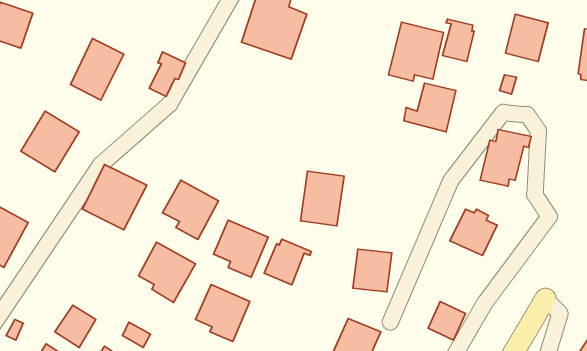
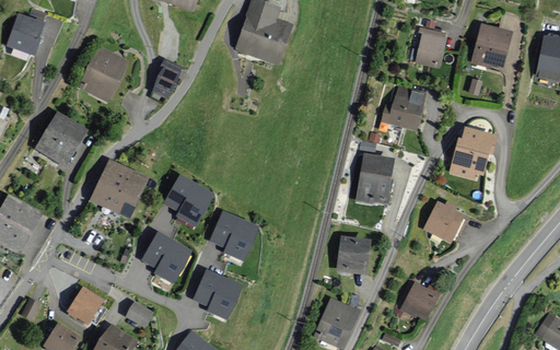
building: [388,22,444,81] -> none
building: [300,171,344,226] -> [355,153,395,202]
building: [264,239,311,285] -> none

